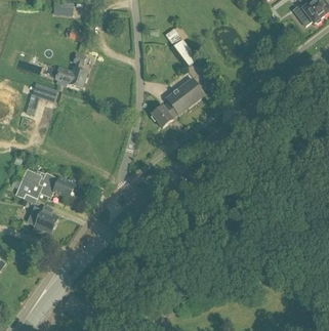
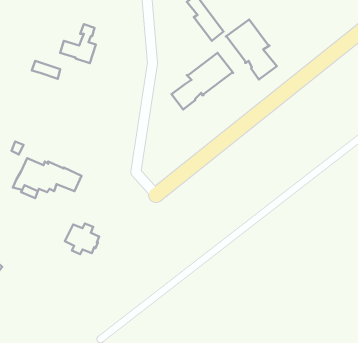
building: none -> [226,19,277,79]
building: [27,206,56,233] -> [65,223,99,254]

